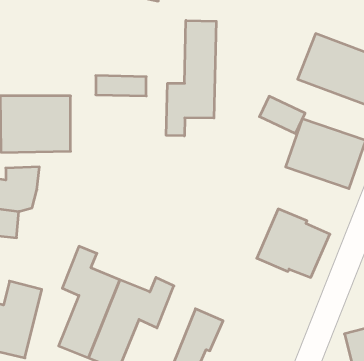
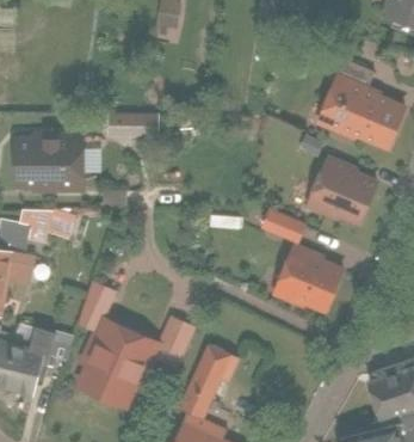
building: [166,20,216,136] -> none
building: [259,96,305,133] -> [259,209,304,246]

